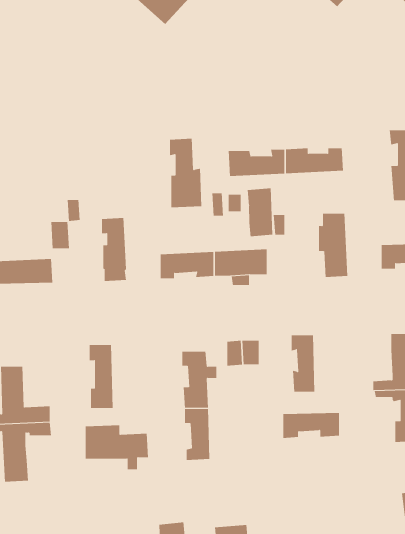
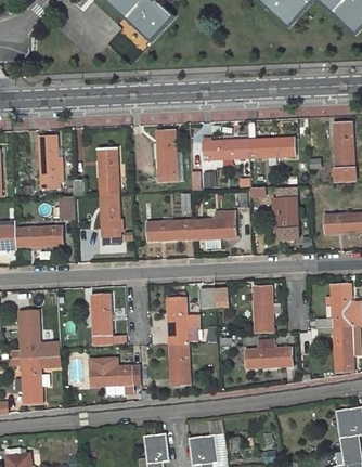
building: none -> [38,135,64,189]
building: none -> [99,147,119,194]
building: [247,188,273,237] -> none

